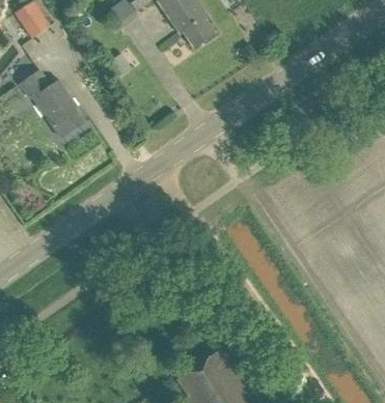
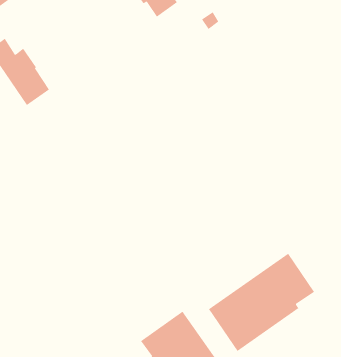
building: none -> [208,253,315,352]

